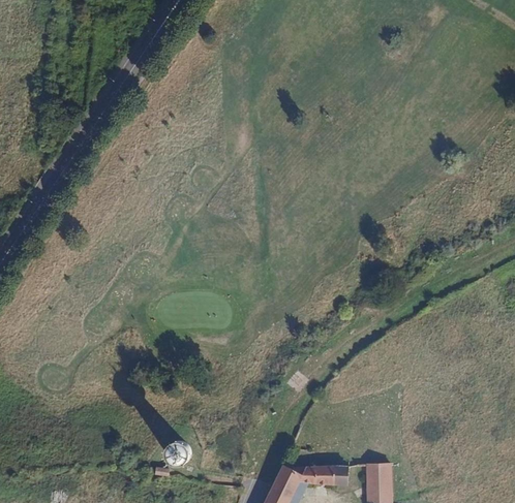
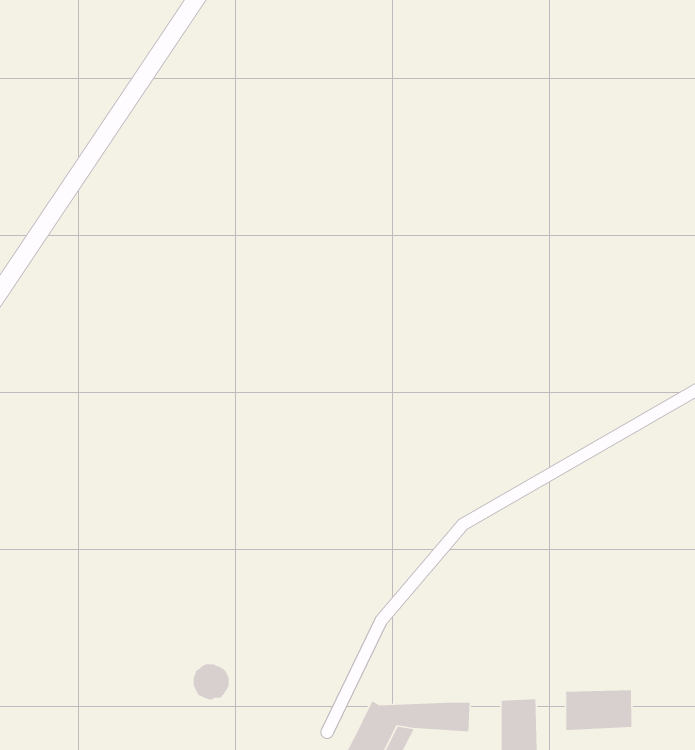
building: none -> [565,689,632,731]

